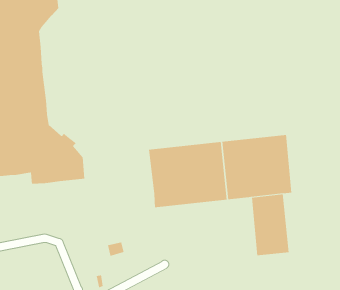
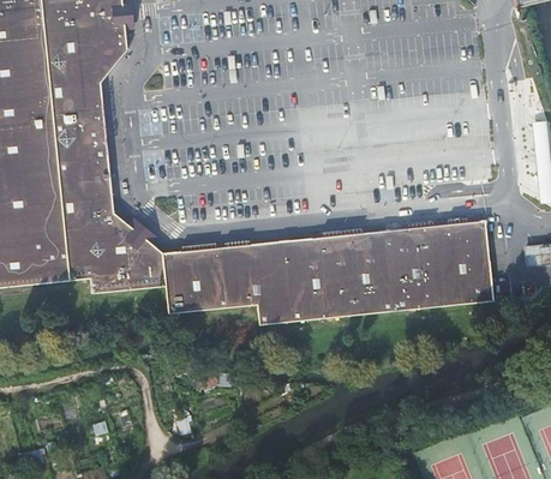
building: none -> [161,245,257,316]
building: [251,194,290,256] -> [441,220,493,305]

